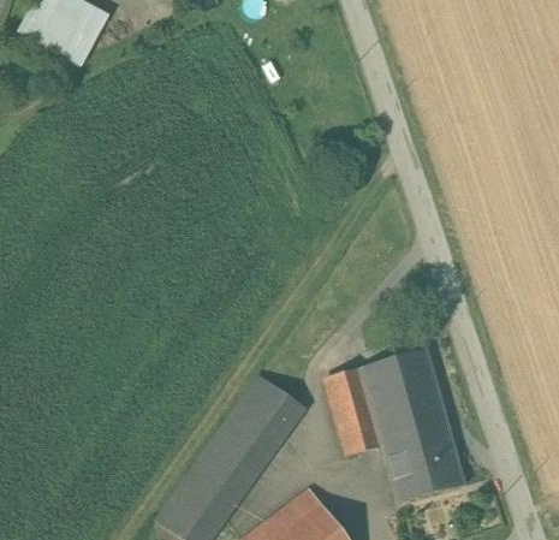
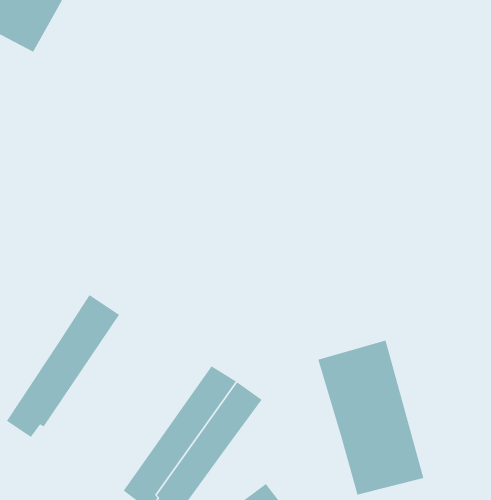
building: none -> [6,294,120,438]
building: [326,368,382,455] -> none

